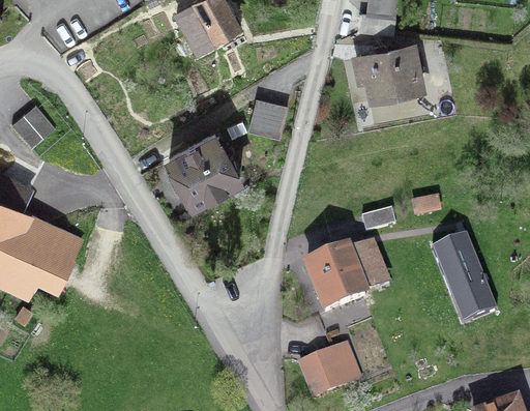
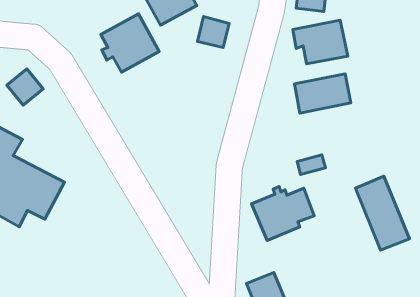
building: [248,100,287,138] -> [198,17,229,47]
building: none -> [294,74,351,113]
building: [169,134,239,204] -> [101,14,159,72]

